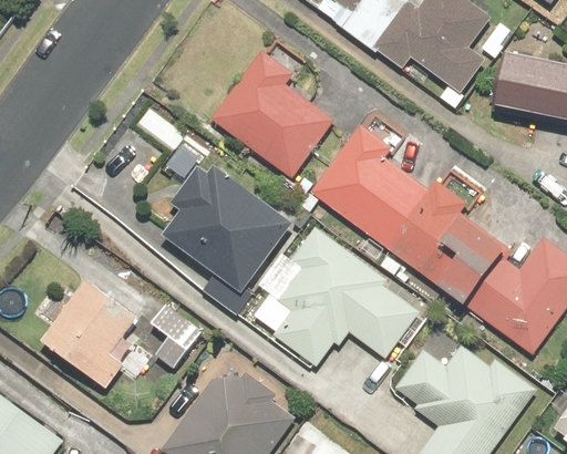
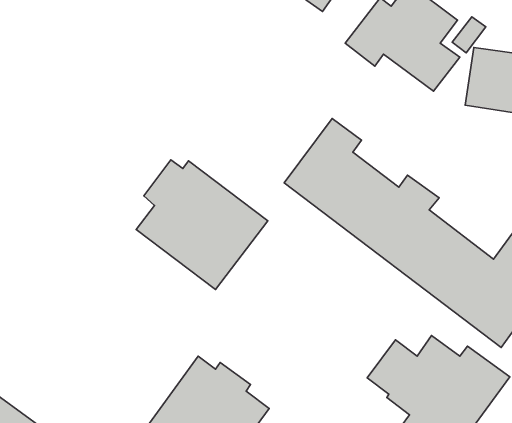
building: [212,51,334,177] -> none
building: [250,225,424,362] -> none
building: [38,281,137,391] -> none
building: [150,300,204,370] -> none

